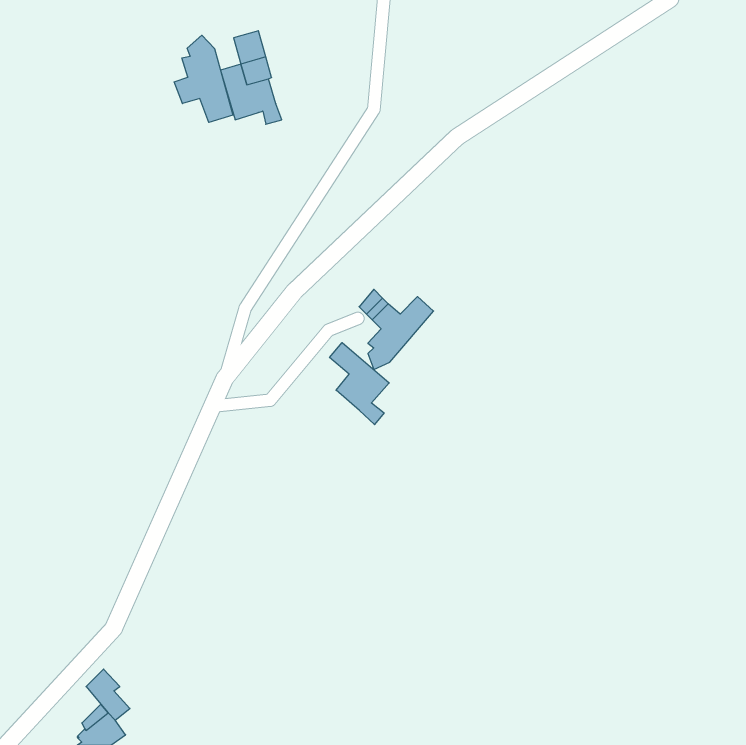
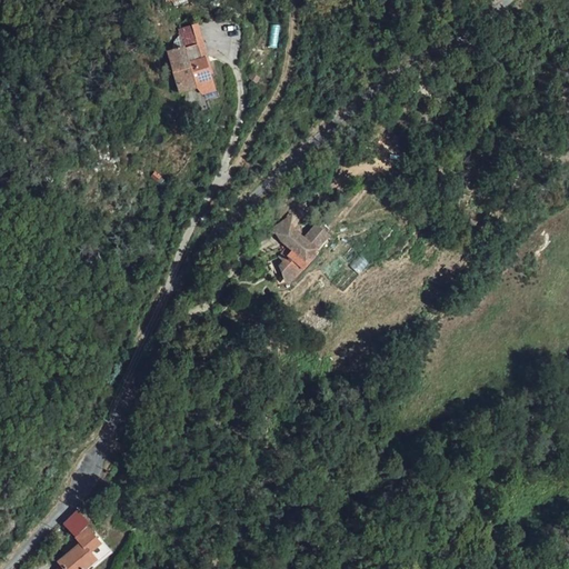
building: [174,35,233,122] -> none
building: [330,343,389,425] -> none

